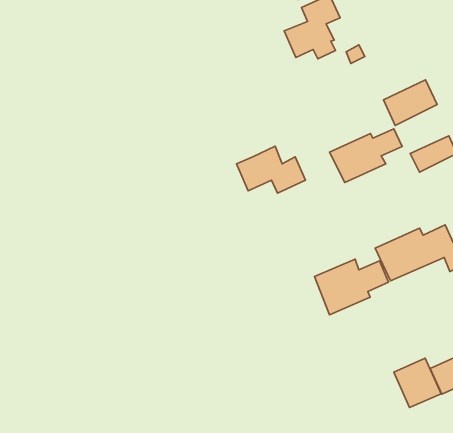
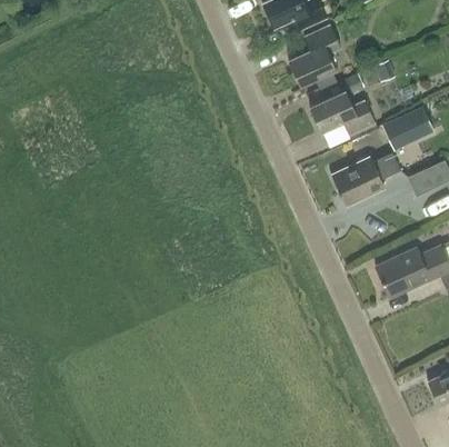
building: [237,146,306,193] -> [309,90,375,135]
building: [314,259,389,315] -> none
building: [394,358,441,408] -> none

